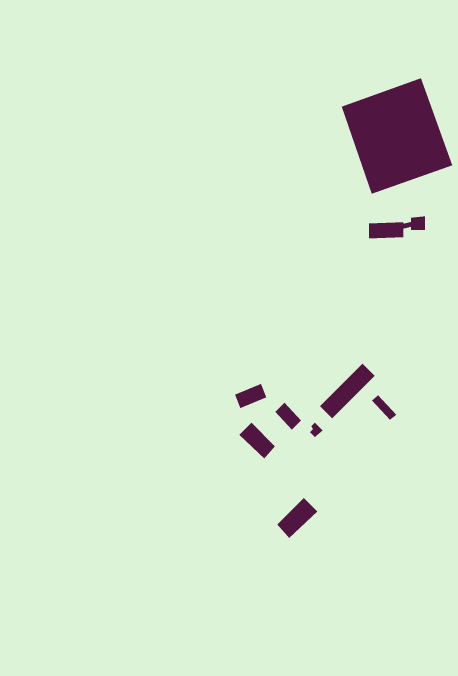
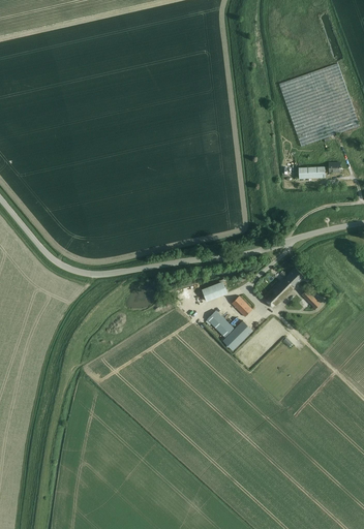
building: [276,497,318,539] -> [222,320,252,350]

